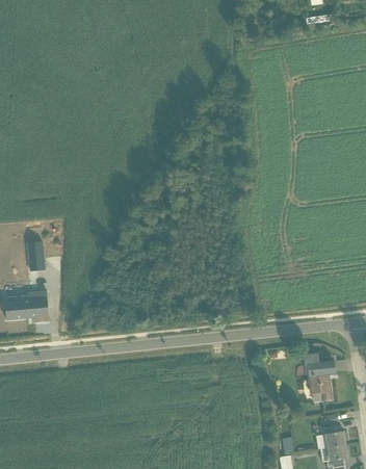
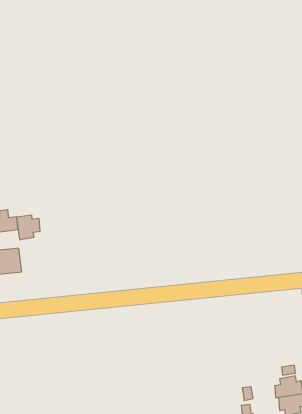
building: none -> [17,215,40,240]
building: [304,355,335,401] -> none

